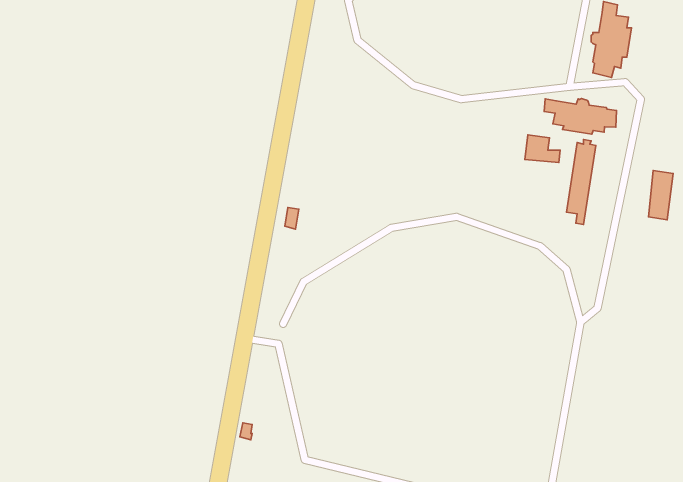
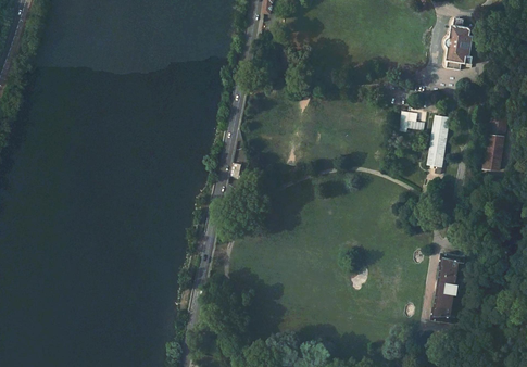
building: [544,99,617,134] -> none
building: none -> [430,253,464,324]

